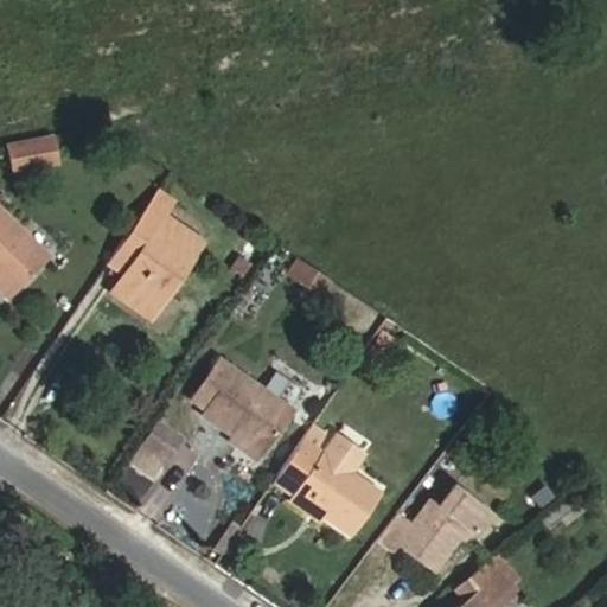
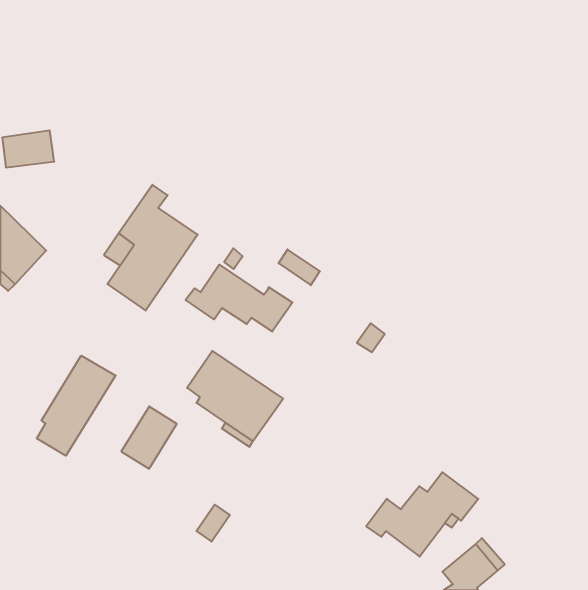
building: none -> [186,265,292,332]
building: none -> [37,356,116,456]
building: [274,426,382,536] -> none

